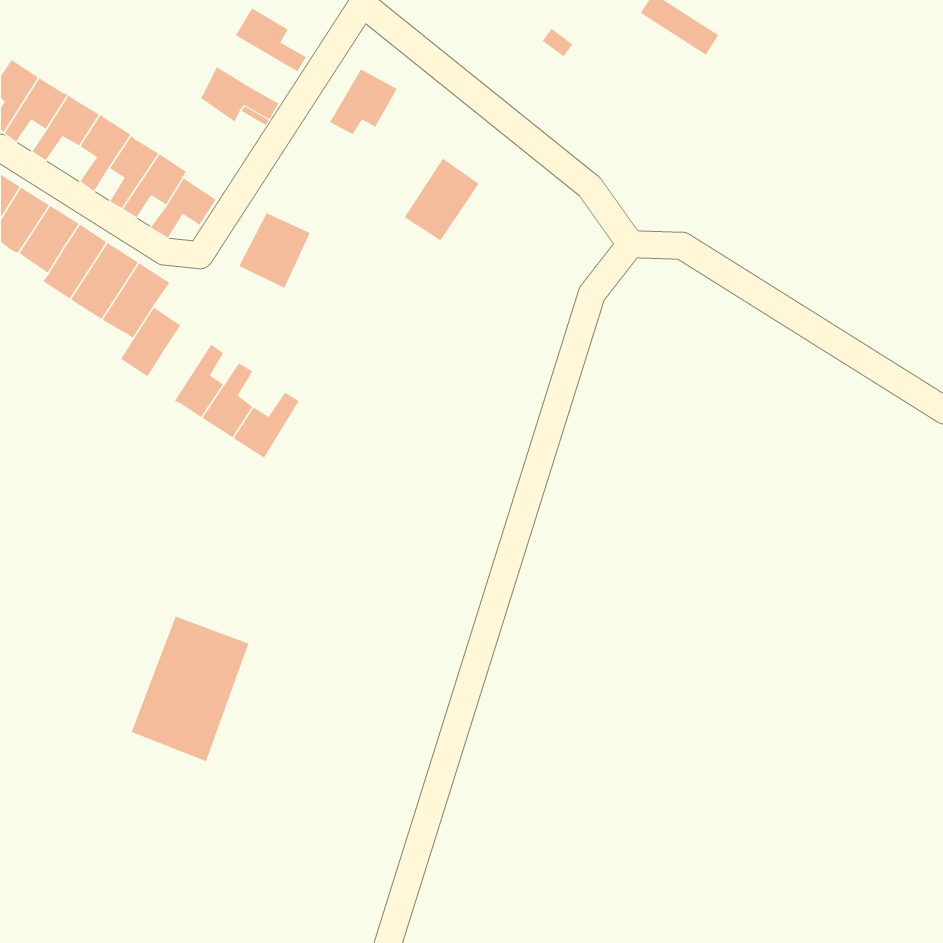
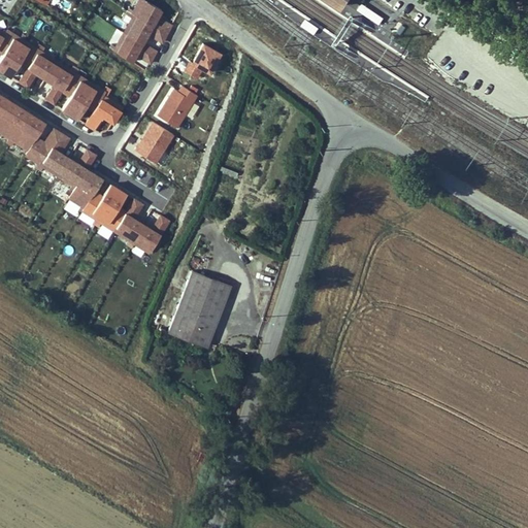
building: none -> [122,20,167,50]
building: [404,158,480,241] -> [157,79,199,126]
building: none -> [81,187,119,224]
building: [131,616,249,762] -> [169,265,235,346]

